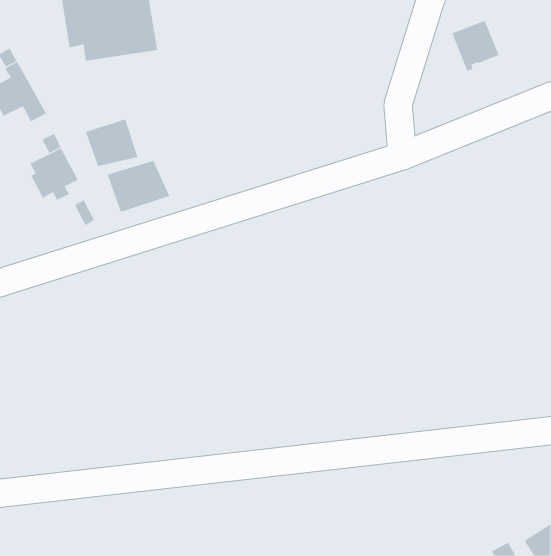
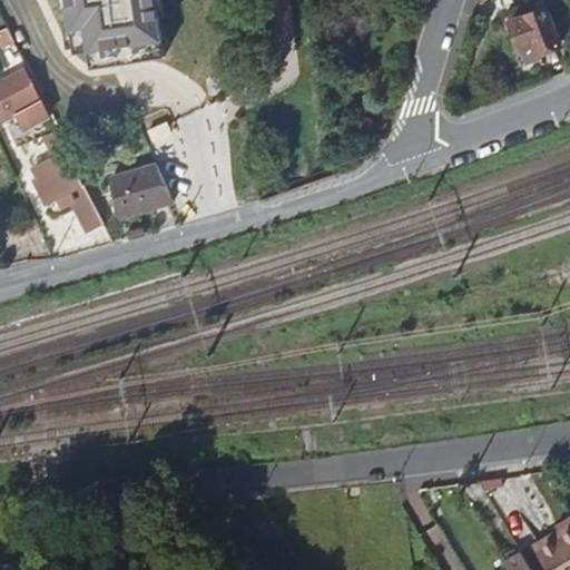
building: [451,20,499,71] -> [507,7,556,59]
building: [85,119,138,167] -> none

